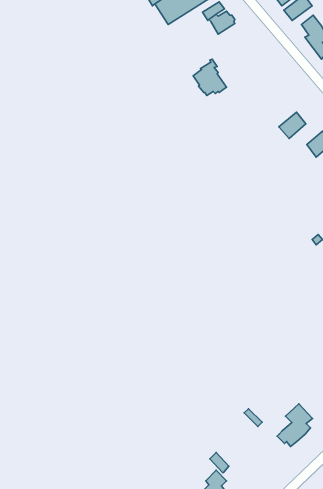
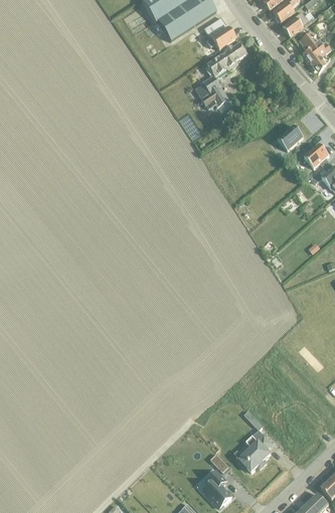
building: none -> [206,43,246,76]
building: [277,404,313,447] -> [237,430,272,471]

